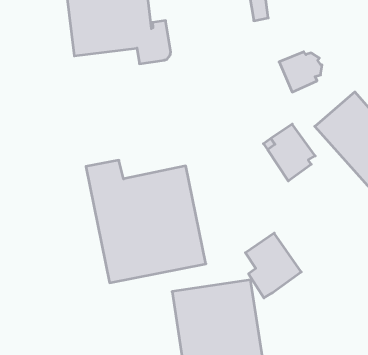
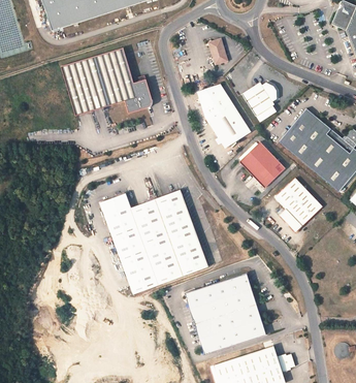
building: none -> [201,84,251,149]
building: [245,233,301,298] -> [274,179,322,232]

